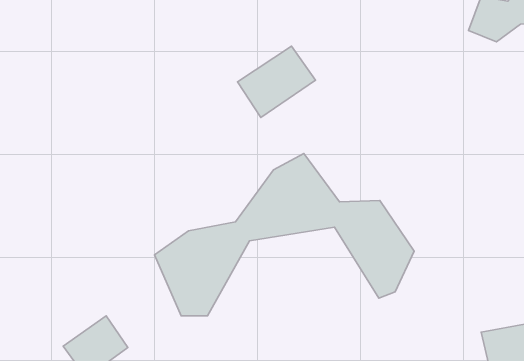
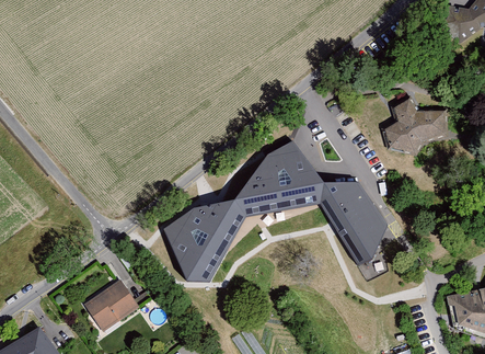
building: [237,46,316,117] -> none
building: none -> [383,96,446,153]

